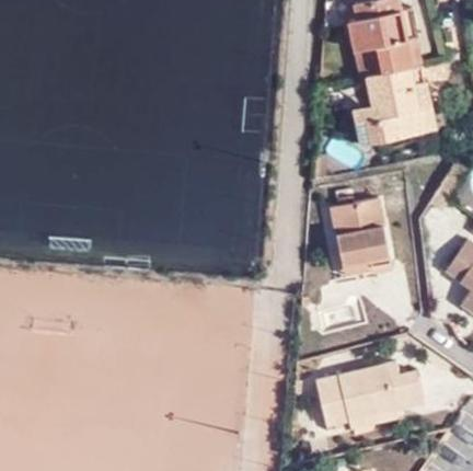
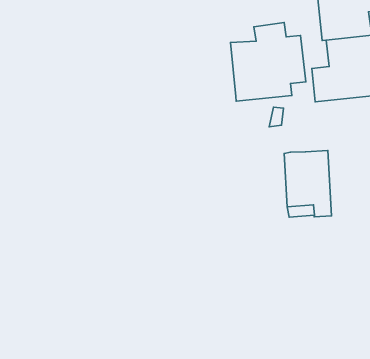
building: none -> [231,23,306,101]
building: [320,358,426,423] -> none

